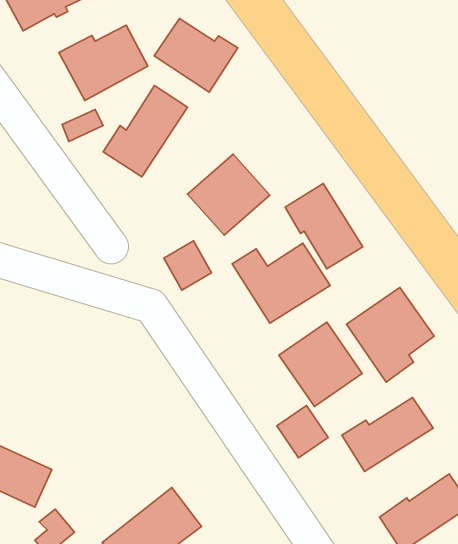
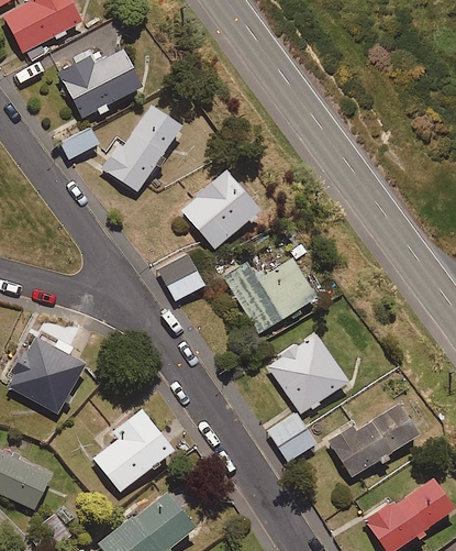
building: [154,18,238,92] -> none
building: [285,183,363,269] -> none
building: [346,287,434,382] -> none
building: none -> [8,337,85,414]
building: none -> [93,410,173,492]

